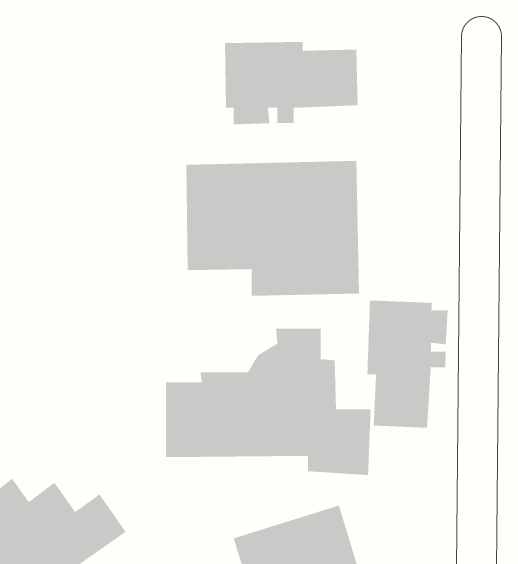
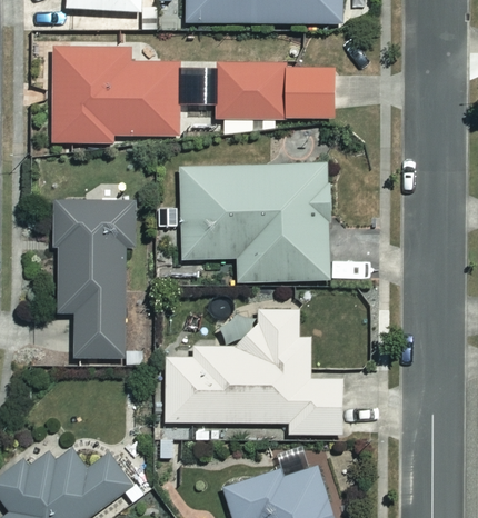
building: none -> [52,48,178,141]
building: none -> [50,201,132,358]
building: [367,300,448,428] -> none

